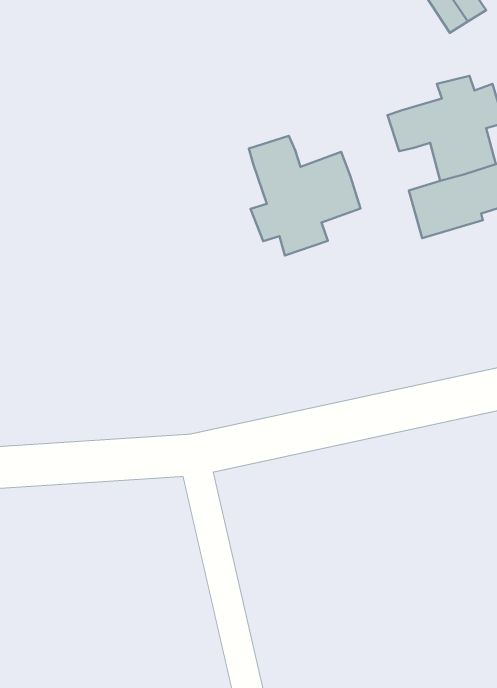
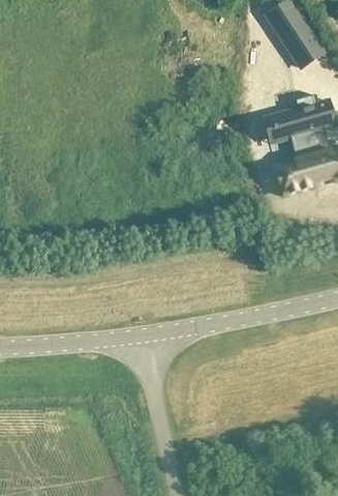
building: [249,136,361,255] -> none

